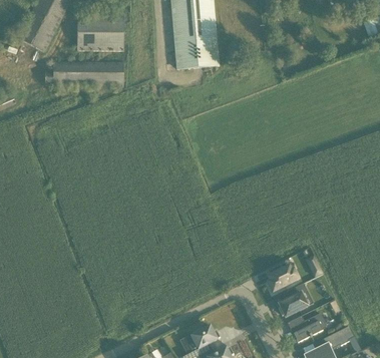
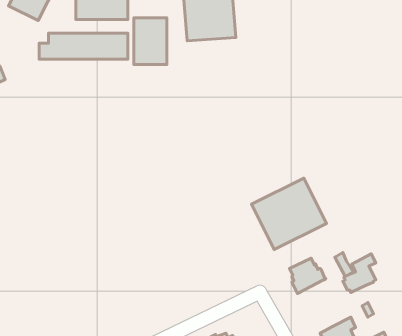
building: none -> [134,18,167,65]
building: none -> [251,178,326,249]
building: [279,283,308,317] -> [343,254,376,292]

